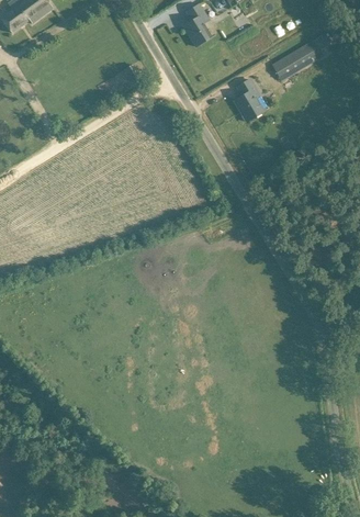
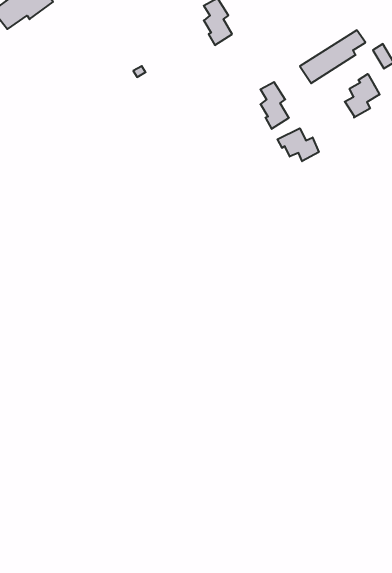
building: none -> [345,74,380,118]
building: none -> [277,128,319,161]

